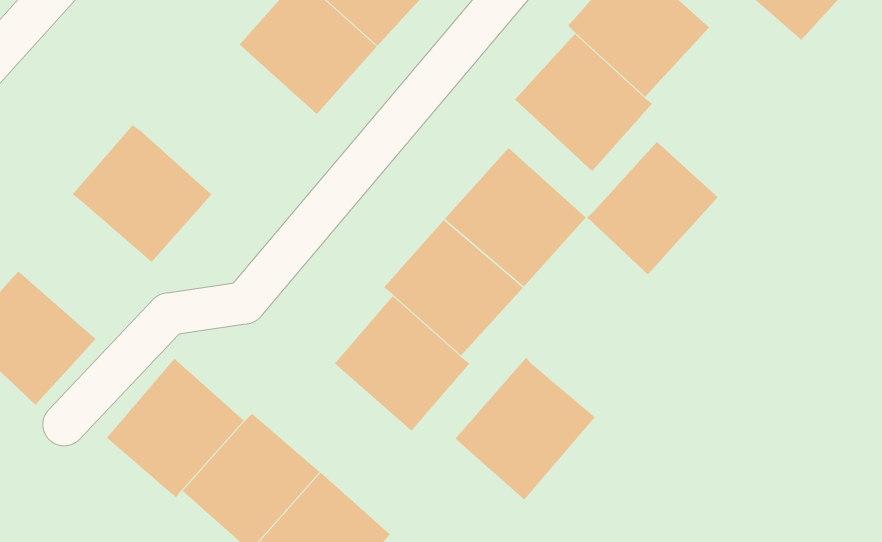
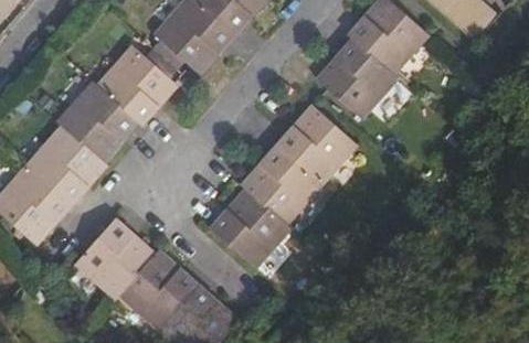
building: none -> [95,47,177,128]
building: [586,141,718,275] -> none
building: none -> [24,128,105,208]
building: [454,357,596,500] -> none

